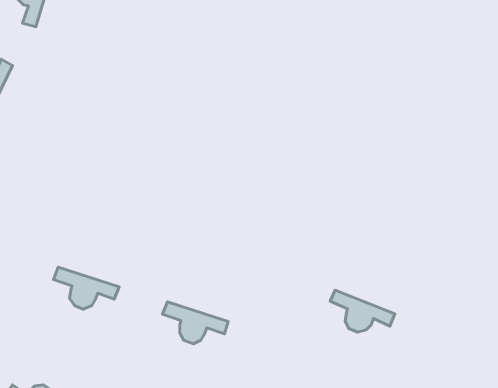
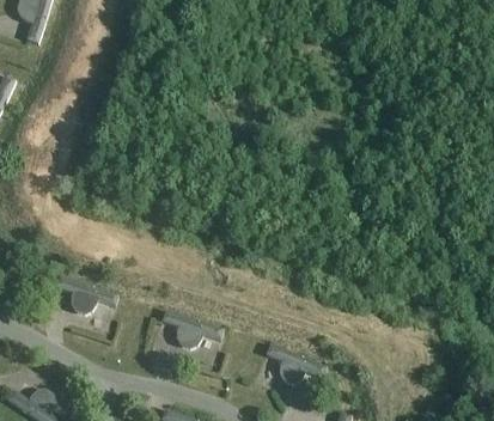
building: [330,290,395,332] -> [264,343,327,384]

